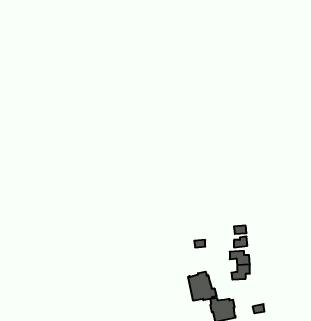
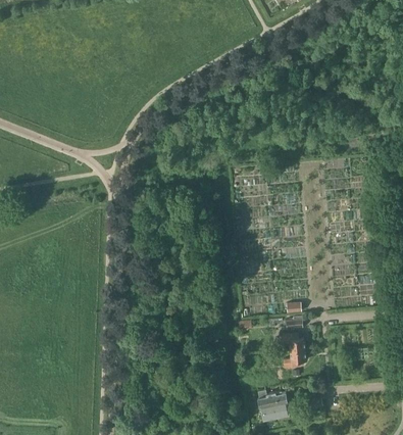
building: [188,272,217,301] -> none

